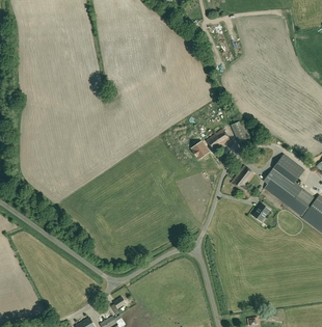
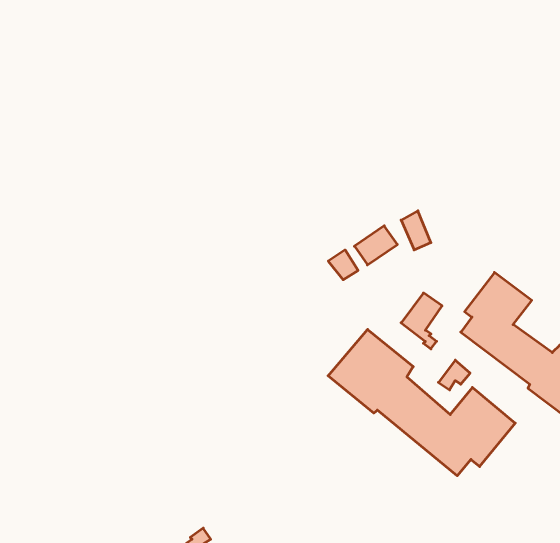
building: none -> [328,329,515,476]

